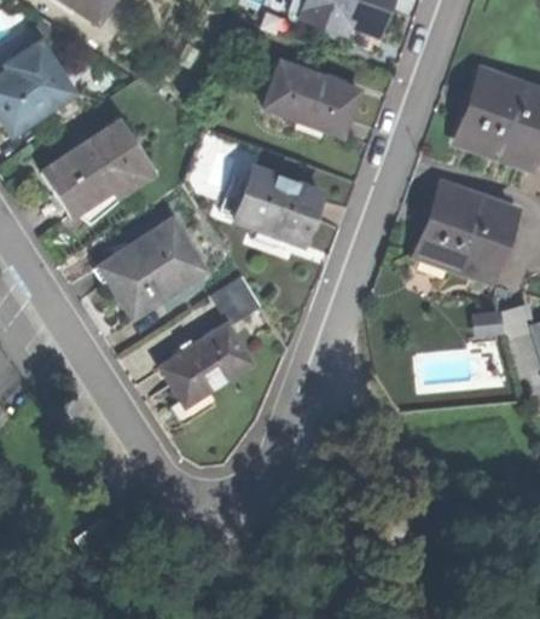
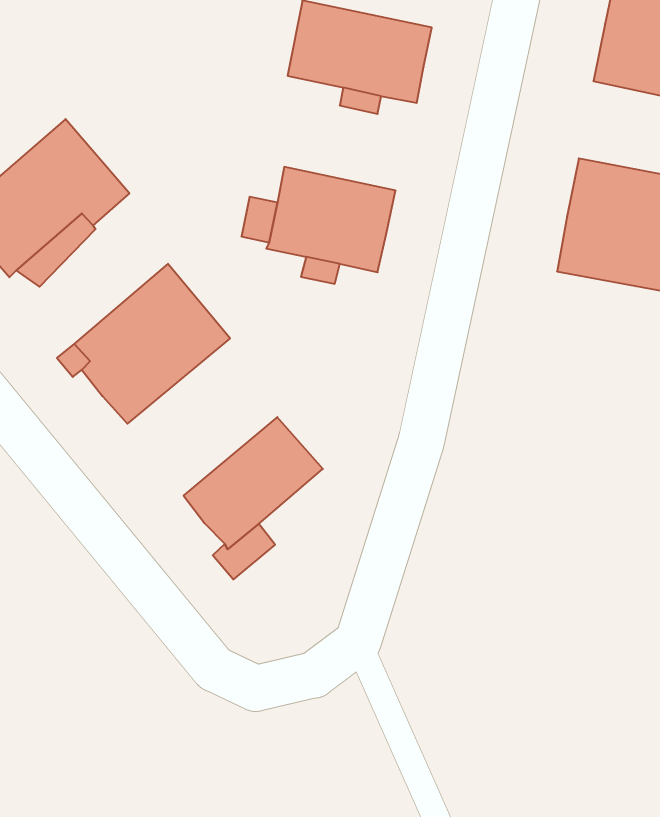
building: [216,274,262,320] -> none

